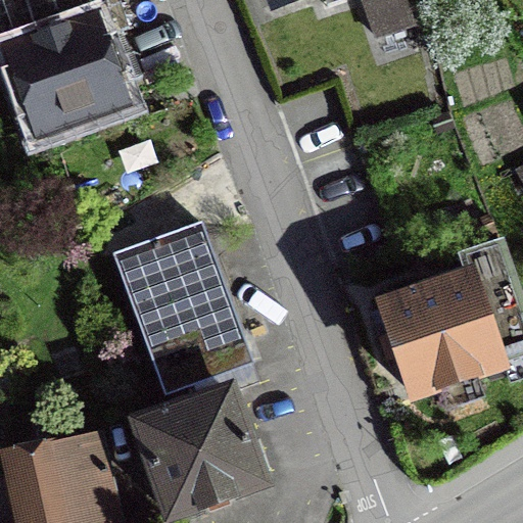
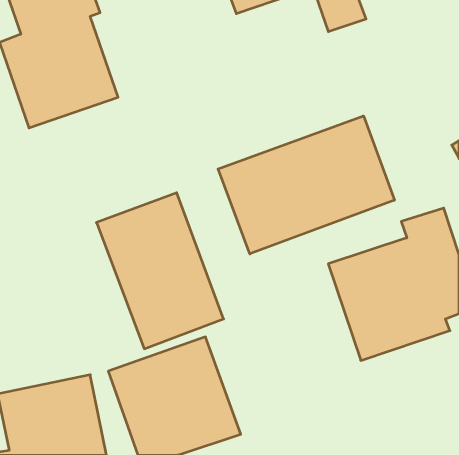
building: none -> [218,116,394,254]

